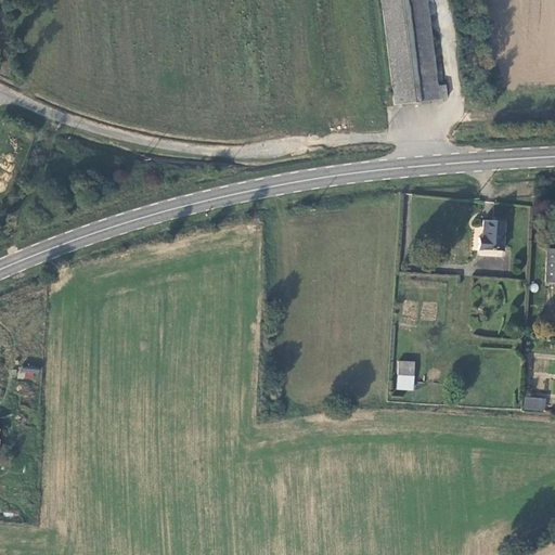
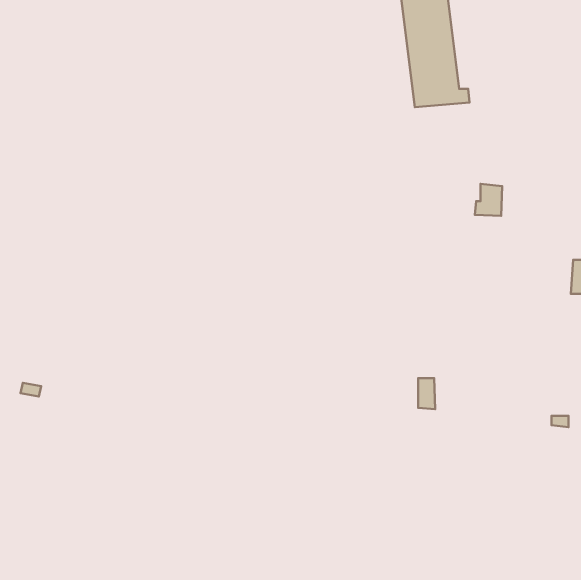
building: [477,219,503,249] -> [475,184,502,216]

